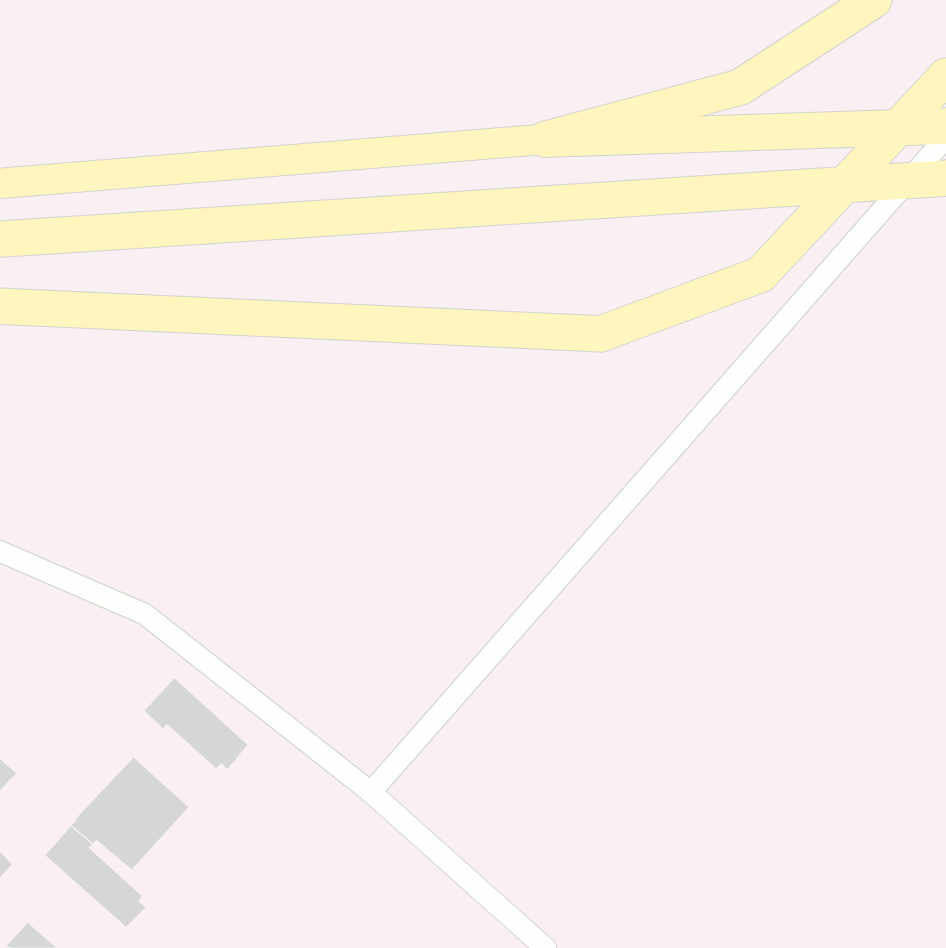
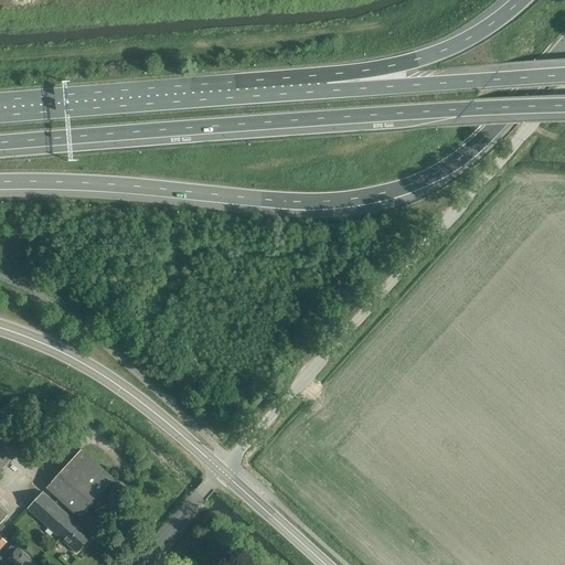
building: [144,678,248,770] -> none

